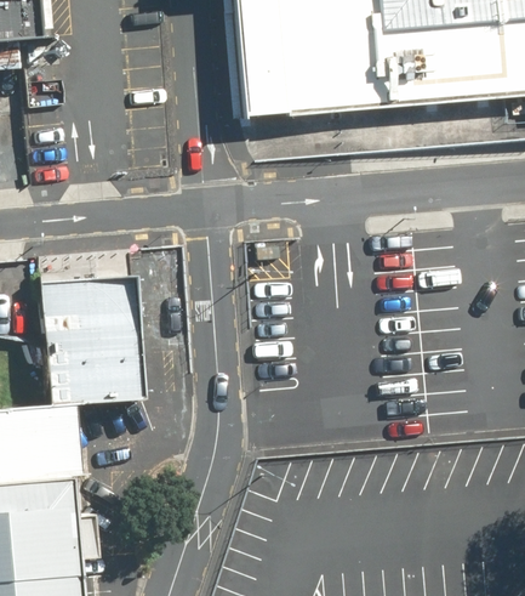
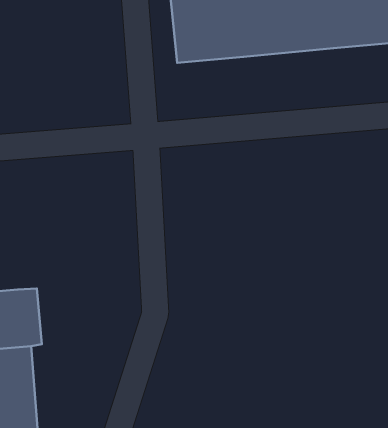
building: [40,276,147,403] -> none

